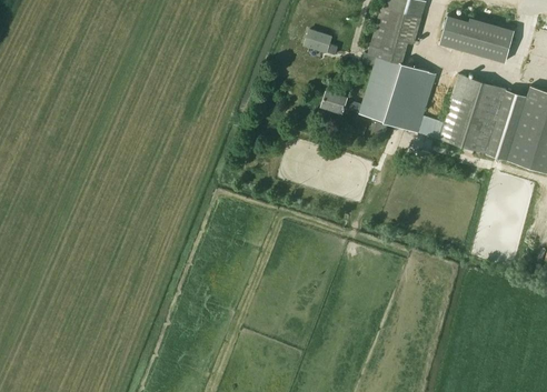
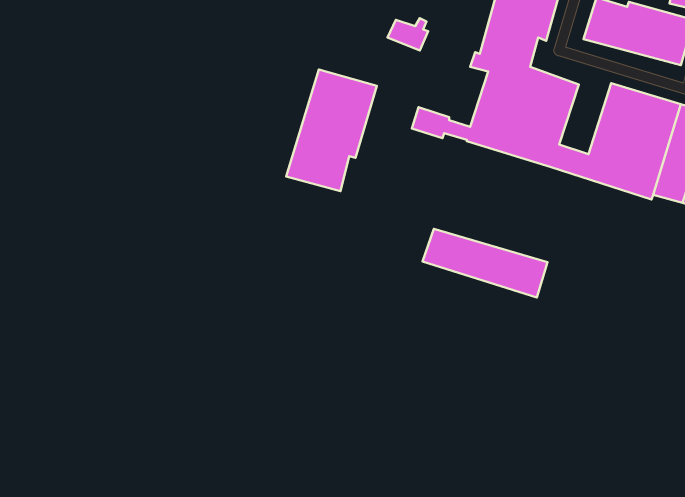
building: none -> [286,69,377,191]
building: none -> [422,229,548,298]

